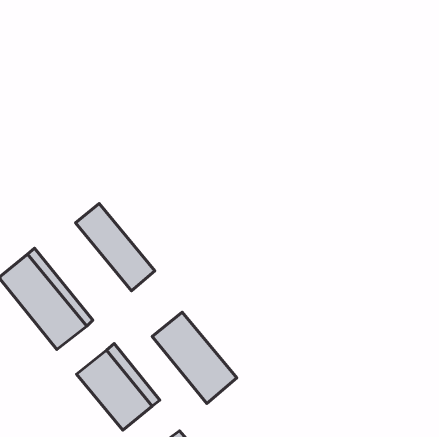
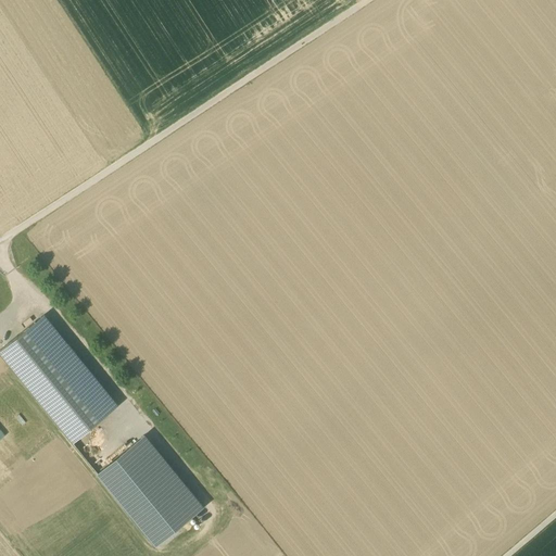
building: [76,203,155,291] -> none
building: [152,312,237,403] -> none

